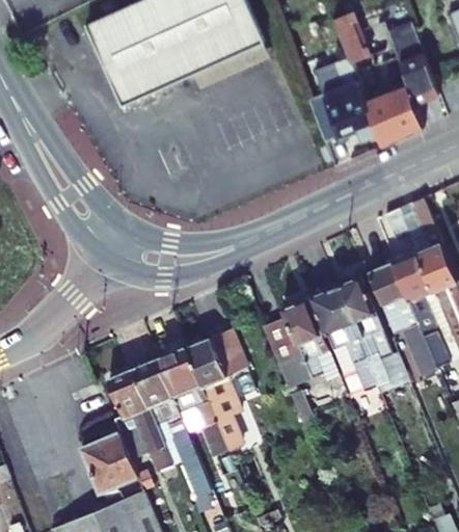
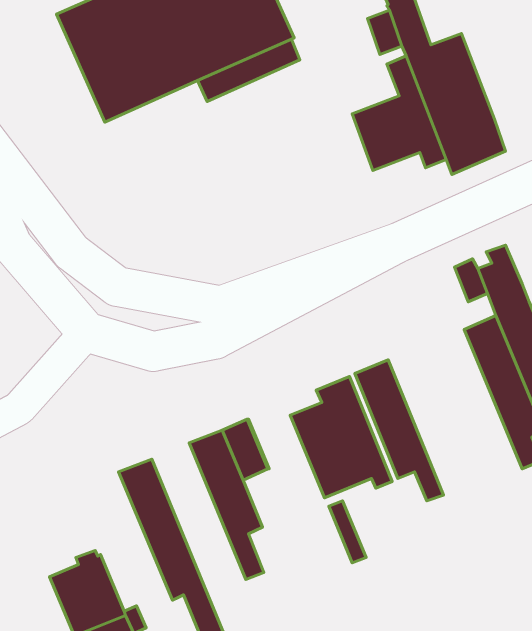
building: [389,25,439,103] -> none
building: [368,261,438,375] -> none
building: [335,274,409,393] -> none
building: [158,346,228,455] -> none
building: [108,368,173,471] -> none

